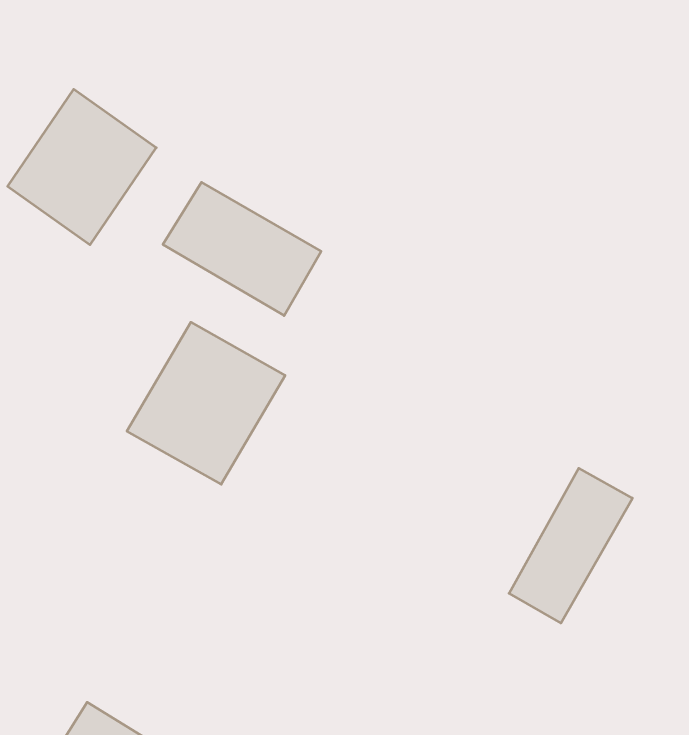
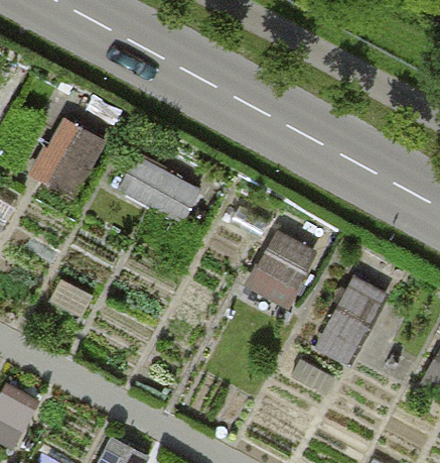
building: [127,322,285,484] -> none
building: none -> [246,229,321,311]

